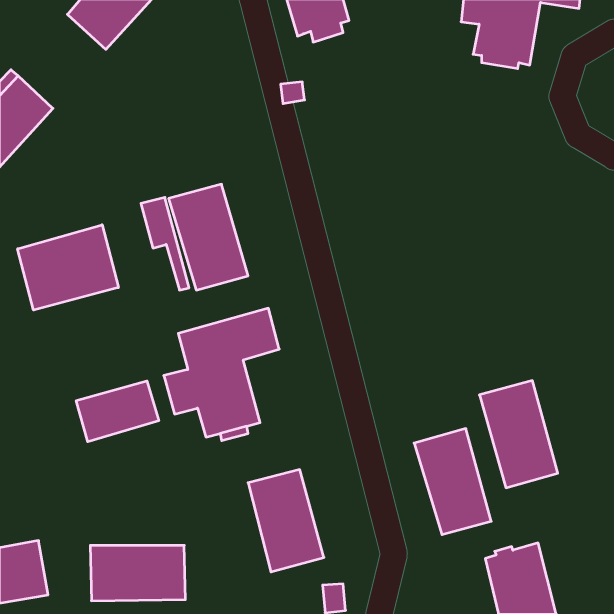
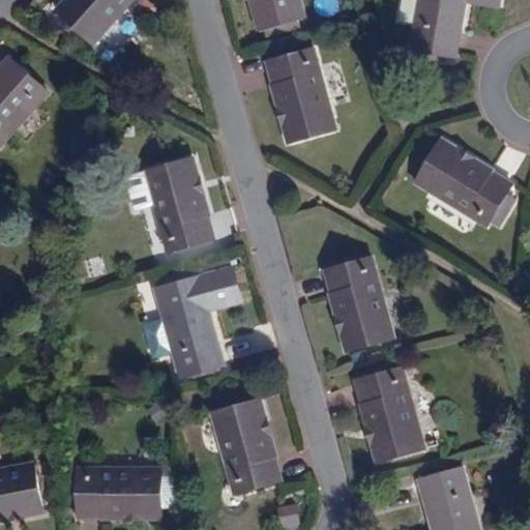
building: none -> [267,51,334,142]
building: none -> [415,142,510,225]
building: [18,225,118,310] -> none
building: [479,381,558,488] -> [325,258,392,350]
building: [76,381,159,442] -> none

